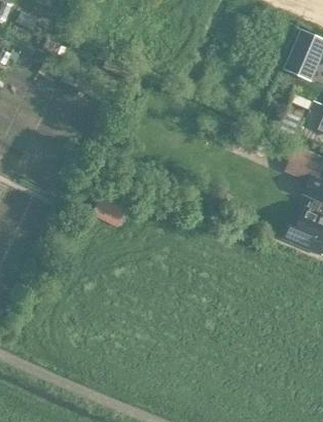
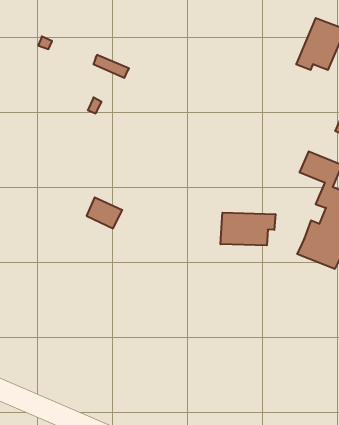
building: none -> [221,213,275,245]

